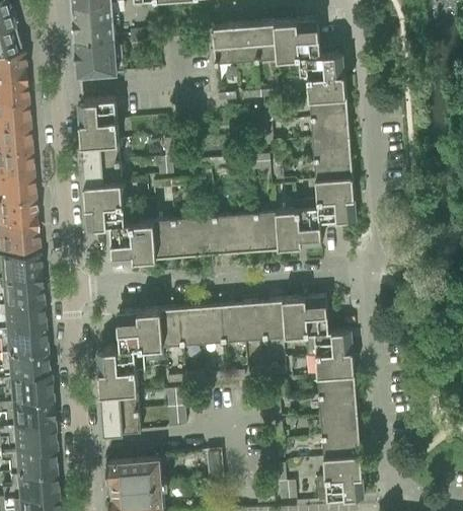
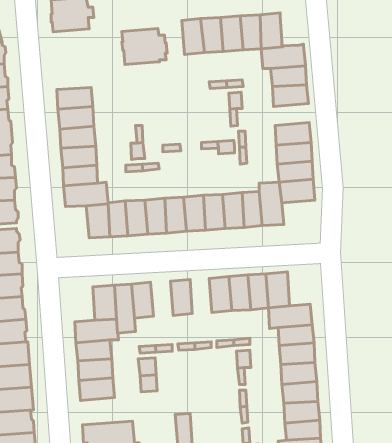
building: [76,38,125,76] -> [122,29,167,65]
building: [312,118,351,141] -> none
building: [223,305,246,343] -> none
building: [180,308,205,346] -> none

